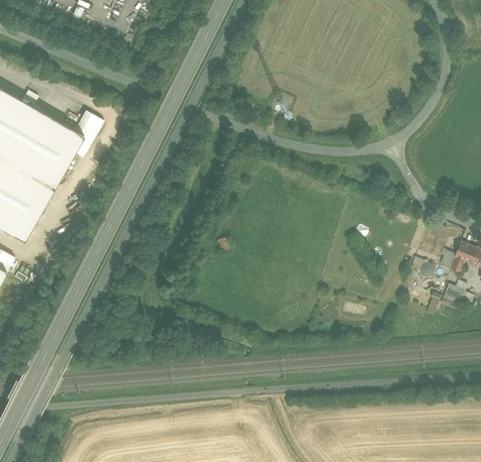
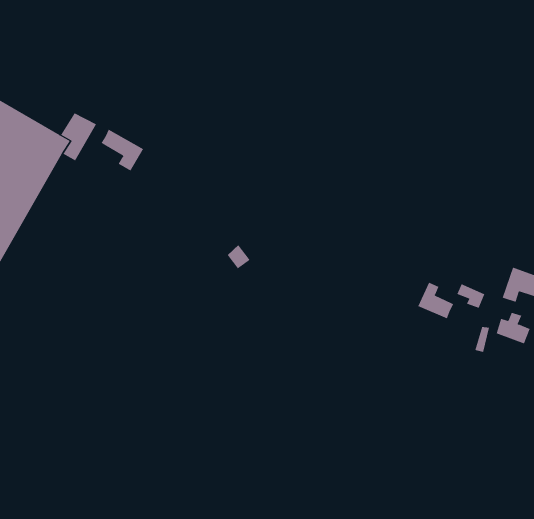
building: none -> [101,129,144,172]
building: none -> [418,282,454,319]

